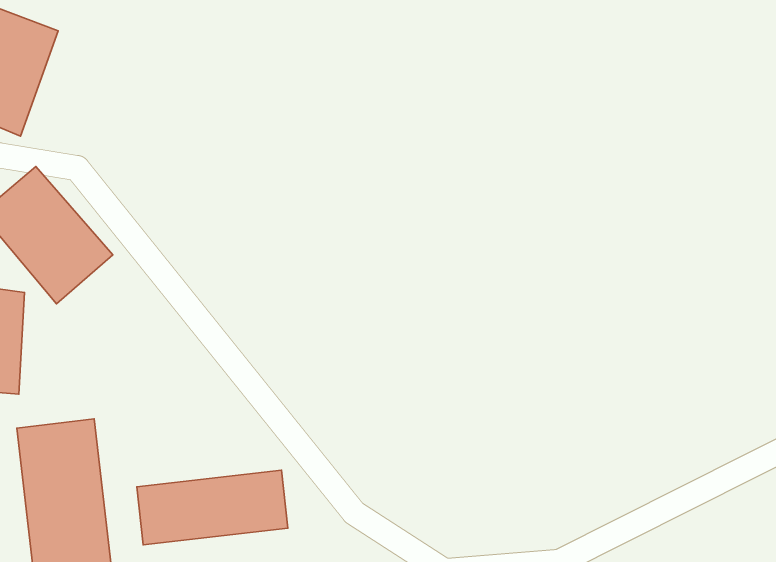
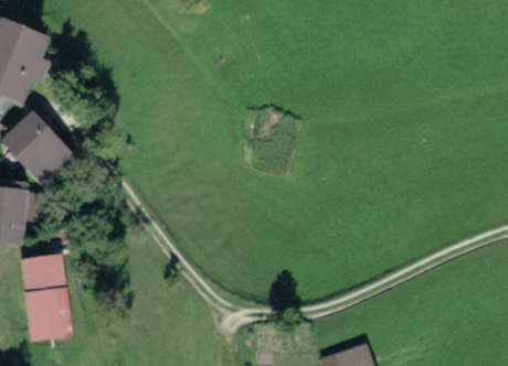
building: [137,470,288,545] -> none

